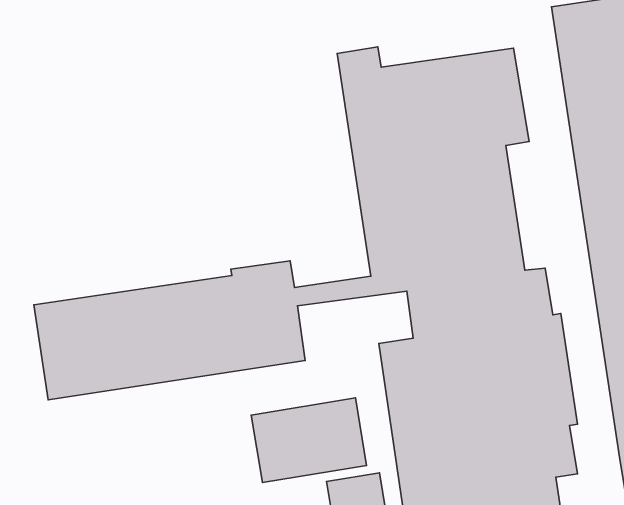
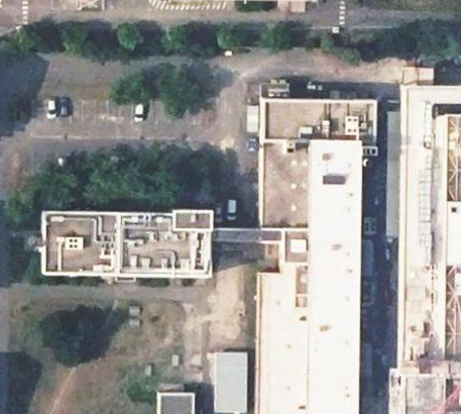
building: [251,398,367,483] -> none

